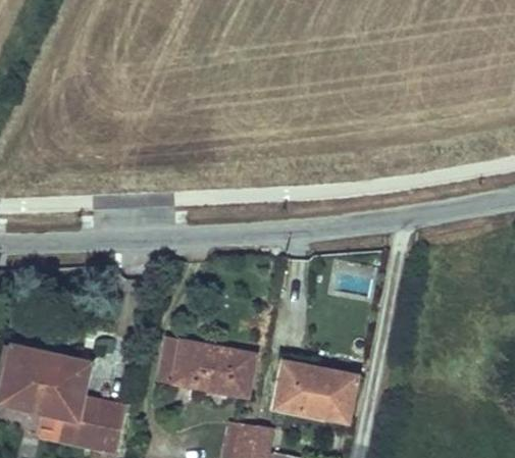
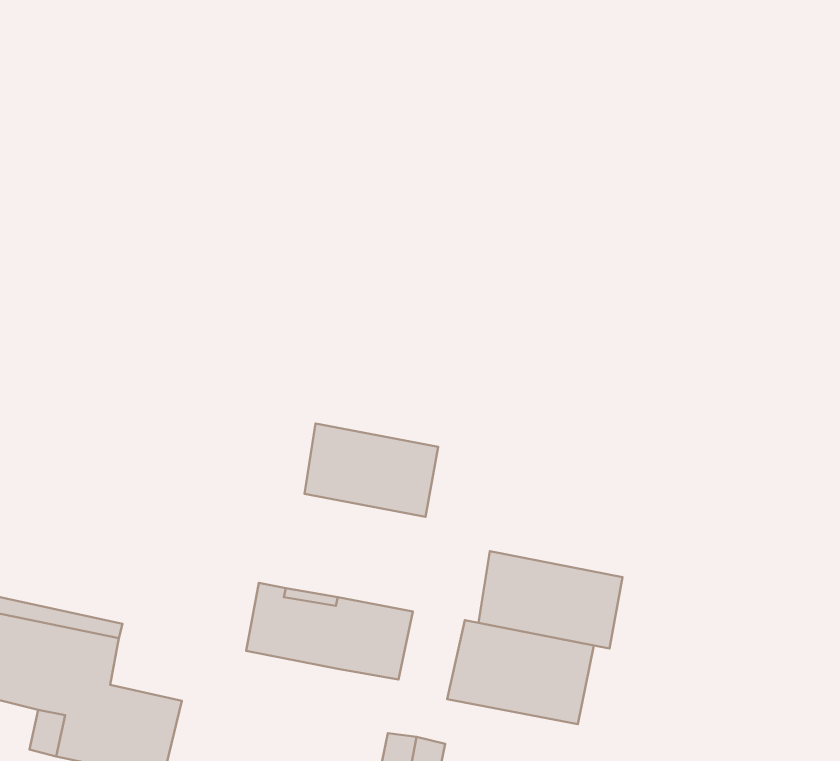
building: none -> [305,423,438,517]
building: none -> [478,551,623,648]

